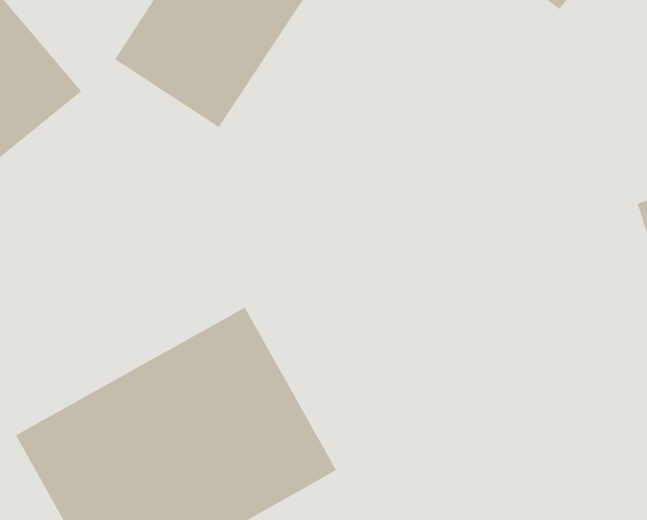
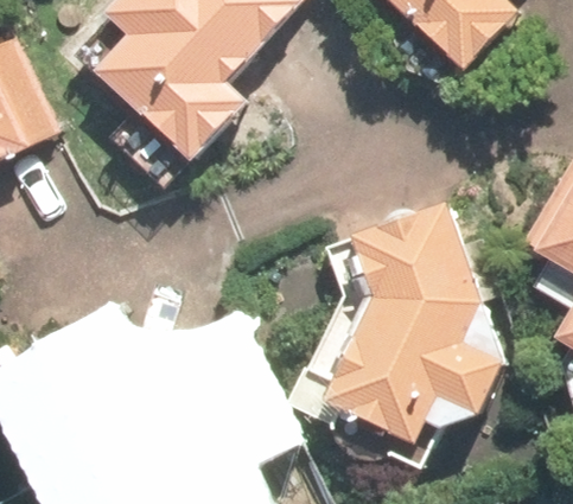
building: none -> [340,219,472,415]

